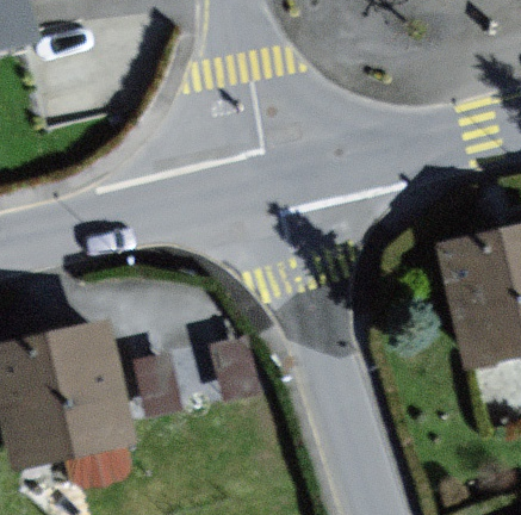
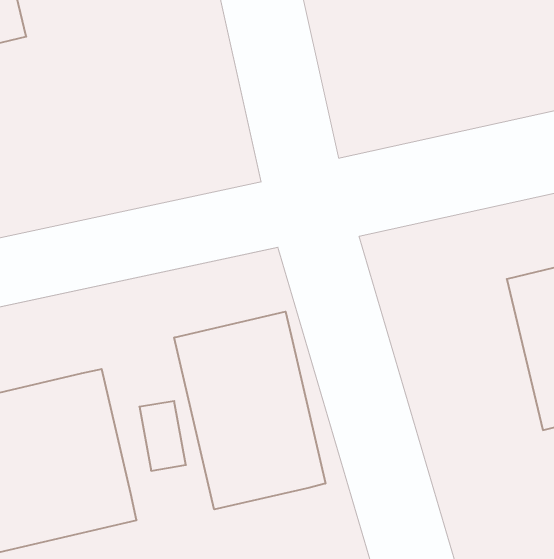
building: none -> [174,312,325,509]

